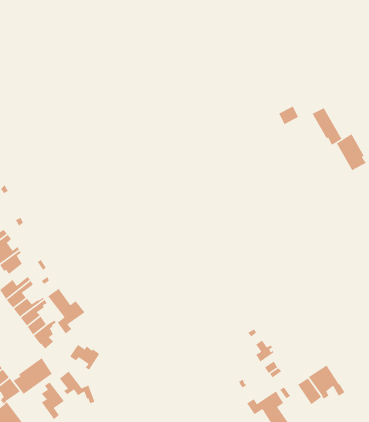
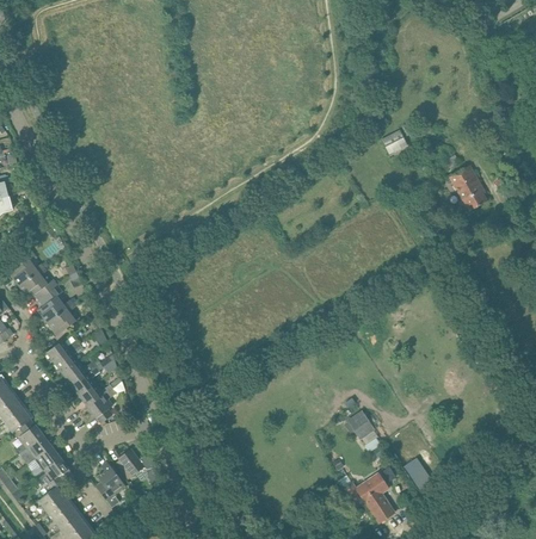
building: [311,107,343,146] -> none
building: [47,288,86,335] -> none
building: [69,344,100,371] -> none
building: [13,357,53,395] -> none
building: [308,365,345,399] -> none

